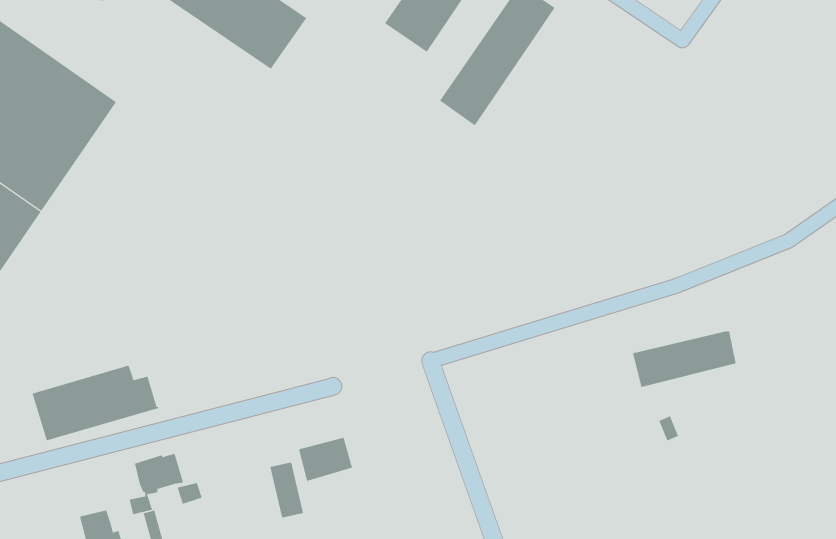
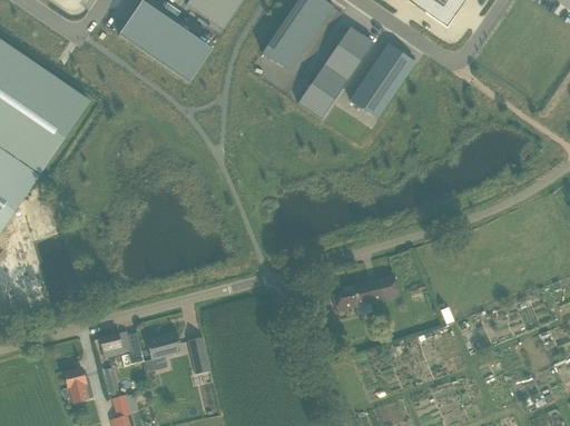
building: none -> [351,51,416,117]
building: [632,331,737,387] -> [331,274,399,310]
building: [32,365,159,441] -> none
building: [298,437,353,482] -> [146,330,181,359]

